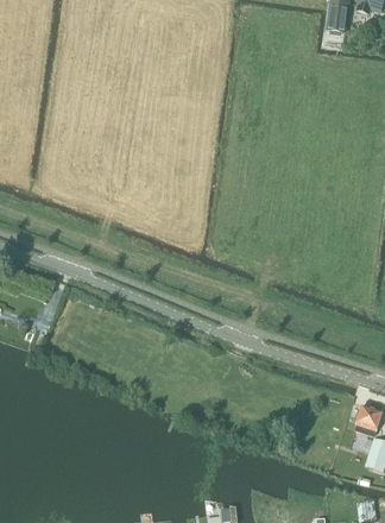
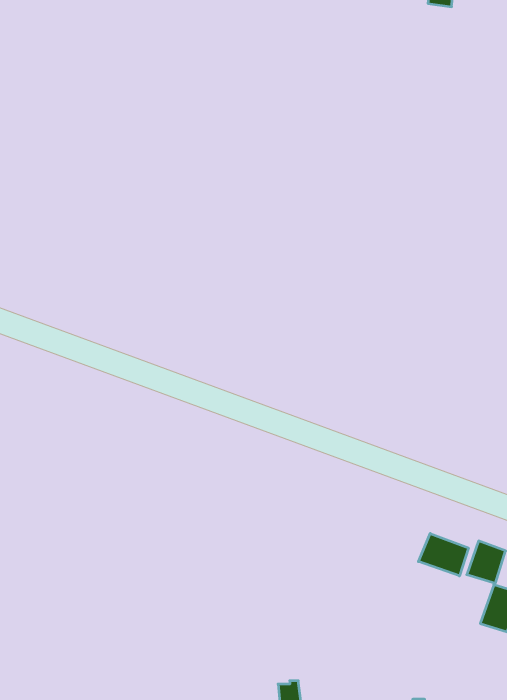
building: none -> [418,533,468,576]

